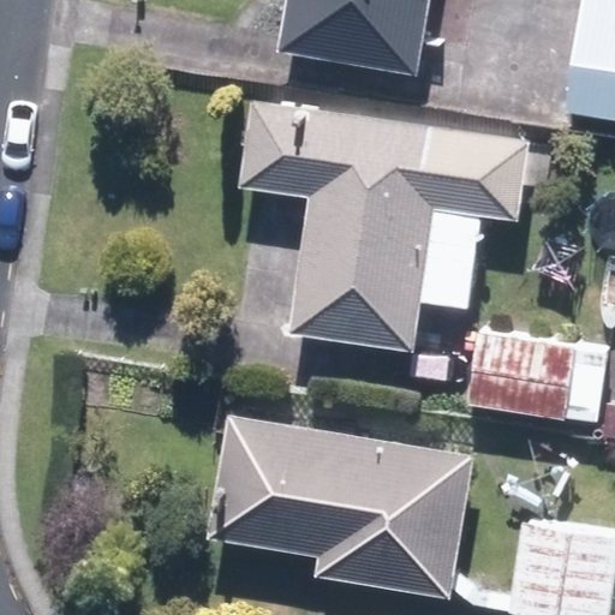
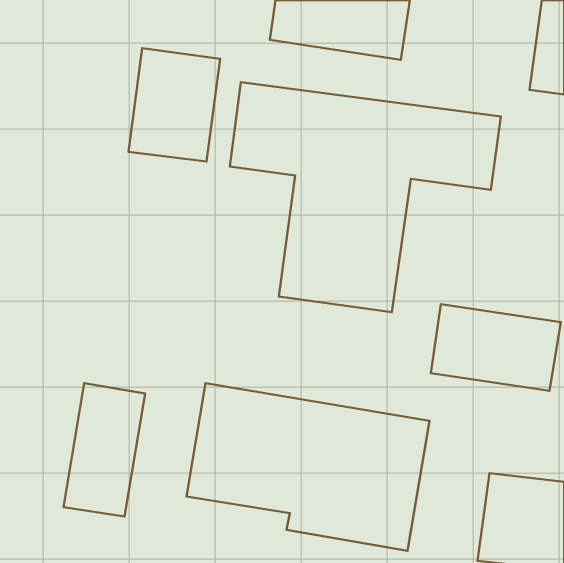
building: none -> [129,48,220,162]
building: none -> [63,383,145,516]

